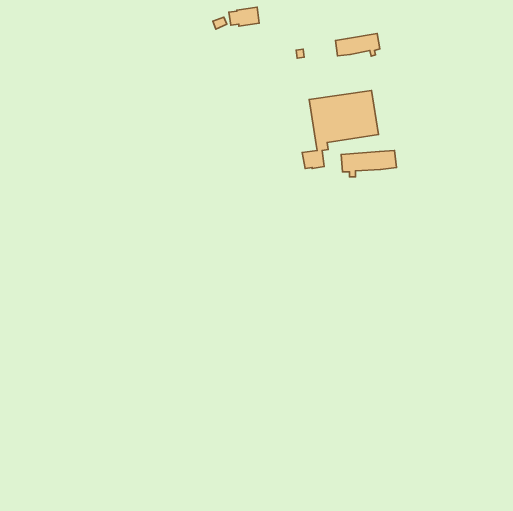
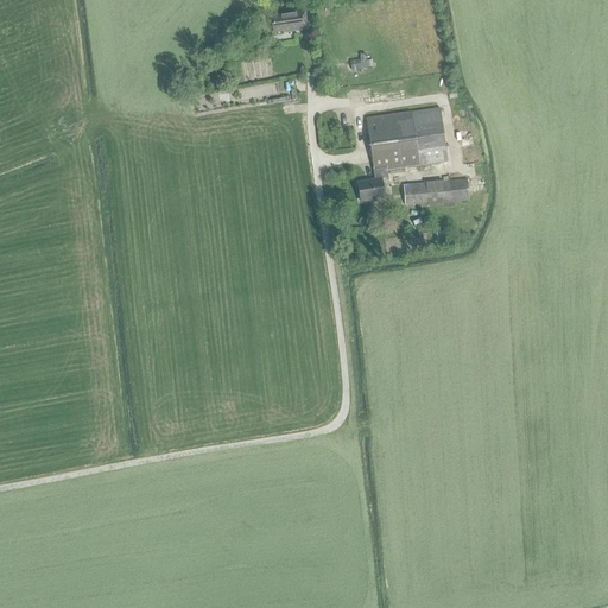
building: [336,34,380,56] -> none

